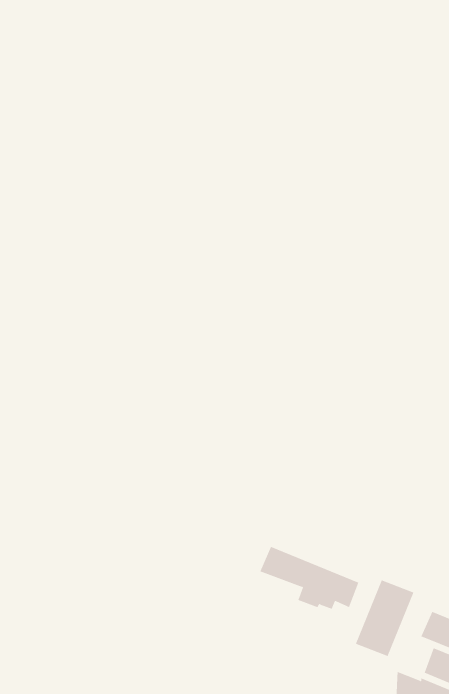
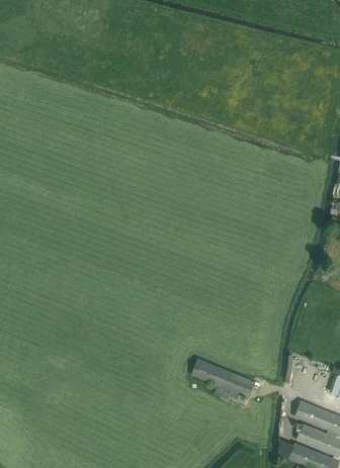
building: [355,580,414,657] -> none

